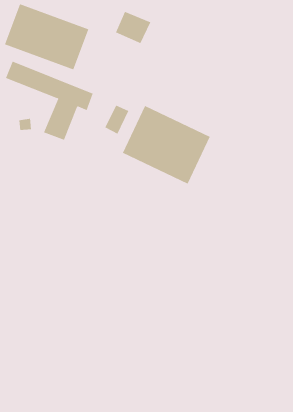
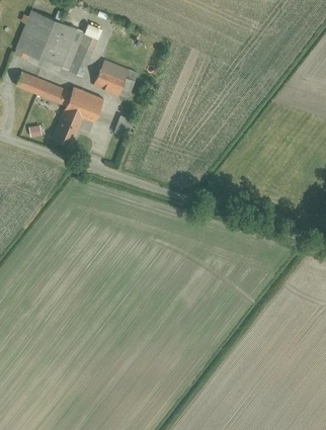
building: [115,11,151,44] -> [92,63,128,95]
building: [122,105,211,185] -> none

